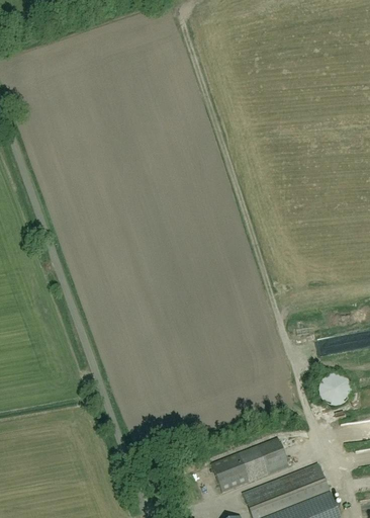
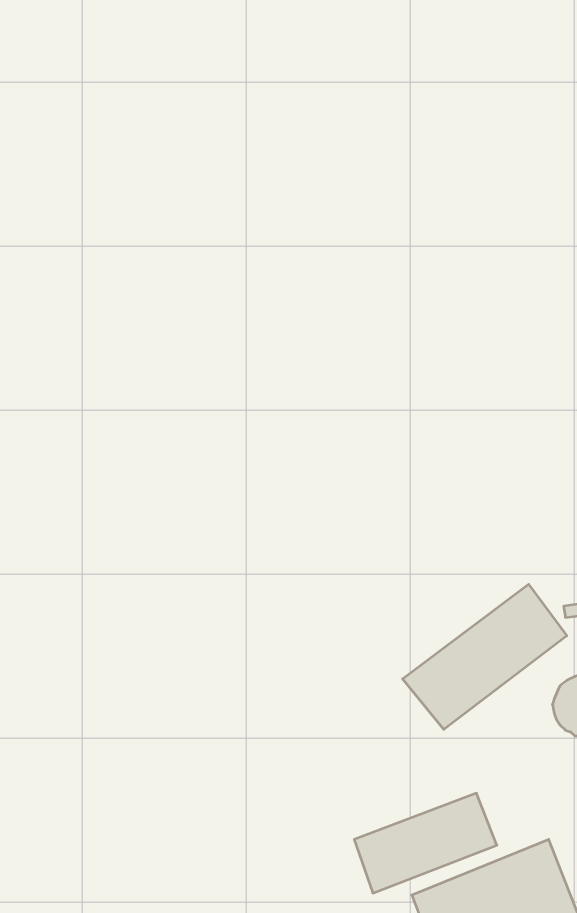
building: none -> [403,584,567,729]

